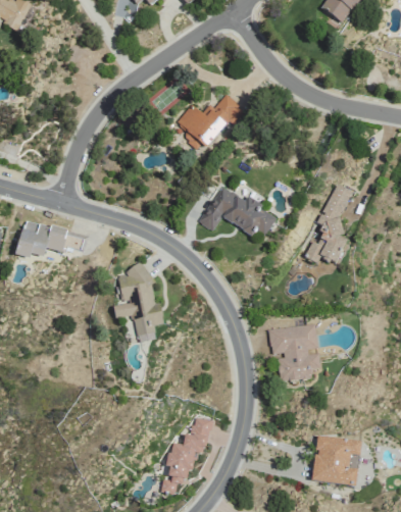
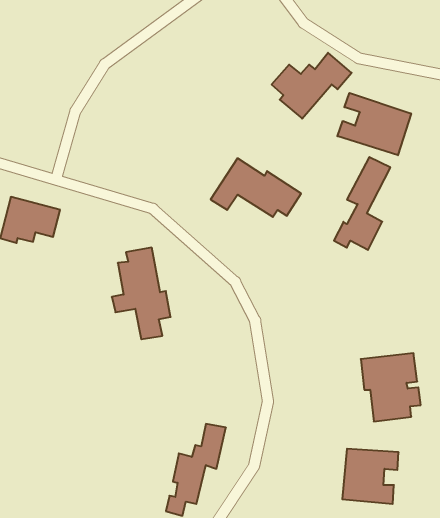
building: [177,94,246,151] -> [272,53,352,119]
building: none -> [337,93,411,155]
building: [269,323,321,382] -> [361,353,421,421]

